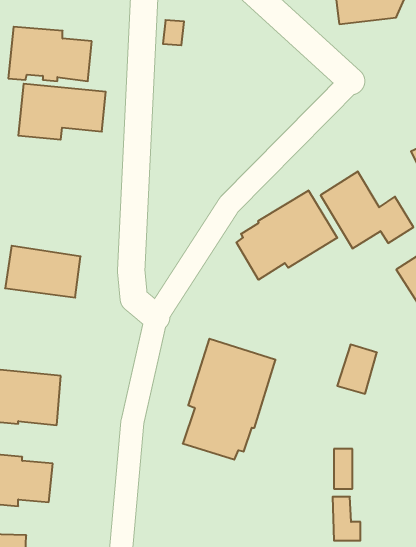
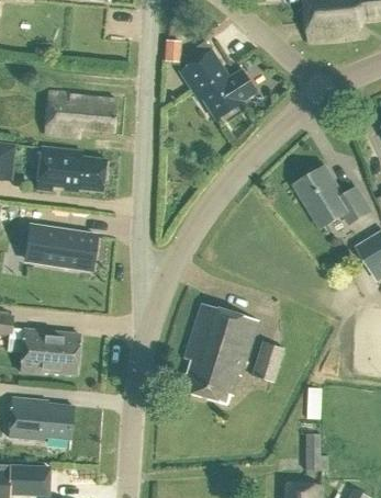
building: [8,27,92,81] -> [36,147,105,192]
building: none -> [178,49,256,118]
building: [236,190,337,280] -> none
building: [337,345,377,394] -> [250,340,283,381]

